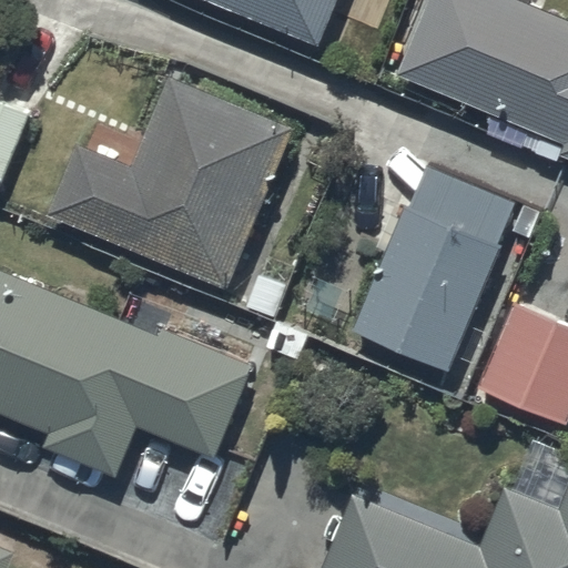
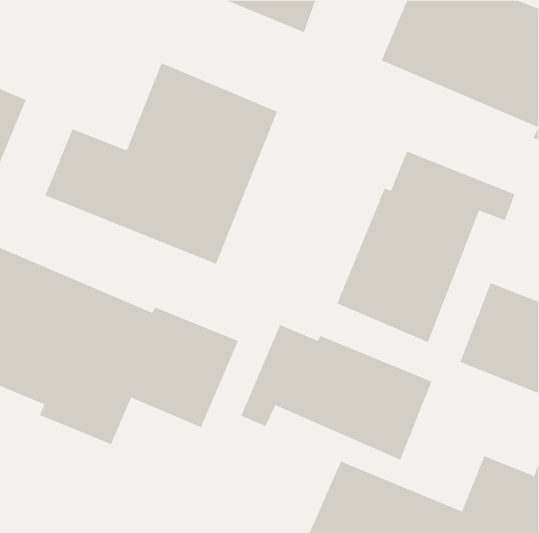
building: none -> [241,324,432,460]

